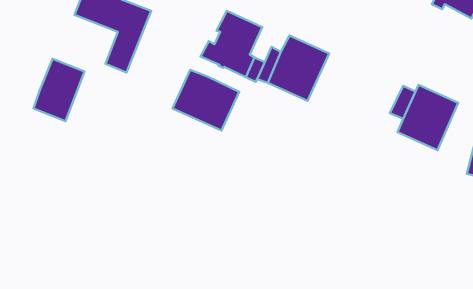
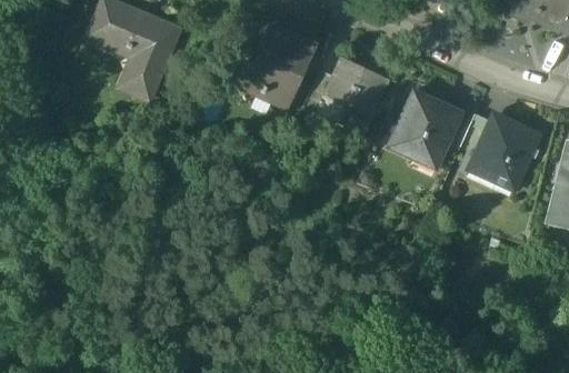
building: [33,59,85,121] -> none
building: none -> [388,90,463,161]
building: [172,70,239,131] -> none

